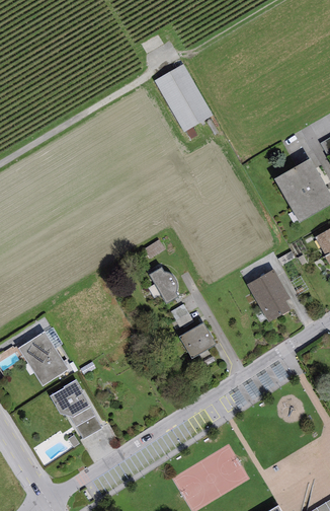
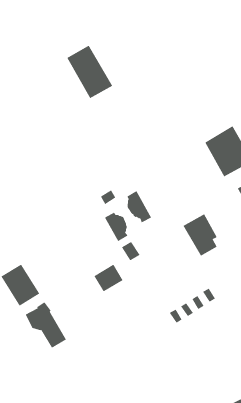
building: [155,63,214,131] -> [66,45,113,99]
building: none -> [127,190,152,223]
building: [179,322,217,358] -> [94,264,123,292]

